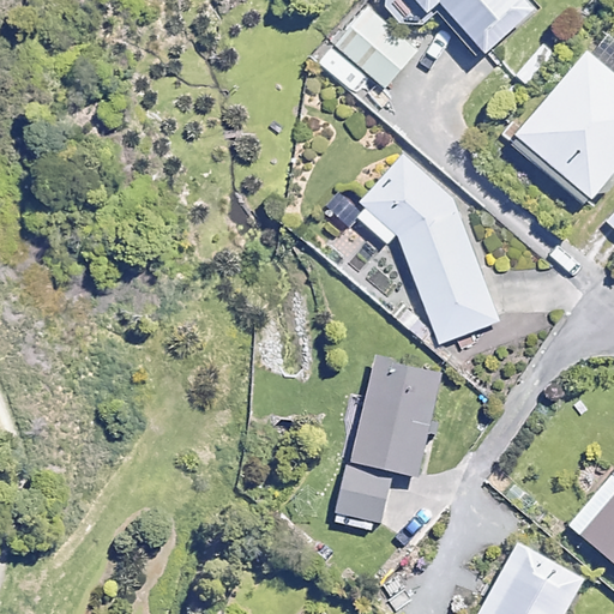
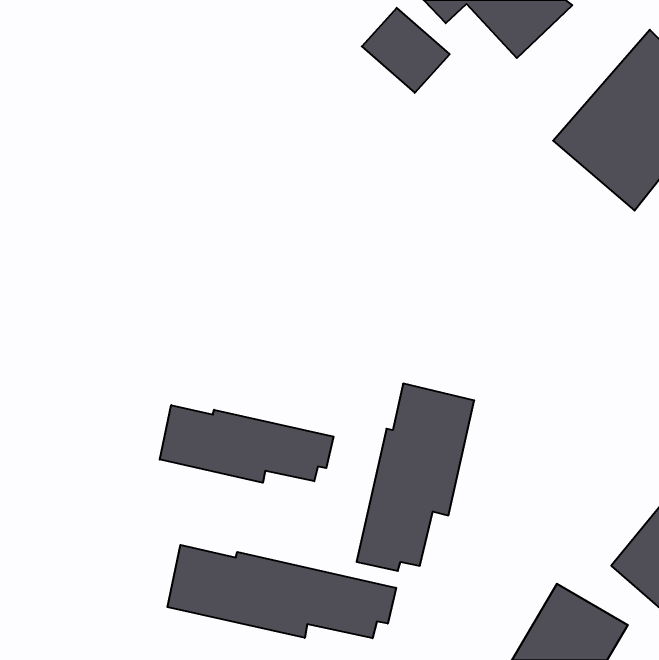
building: [357,154,501,344] -> none
building: none -> [160,405,334,483]
building: none -> [167,545,396,638]

